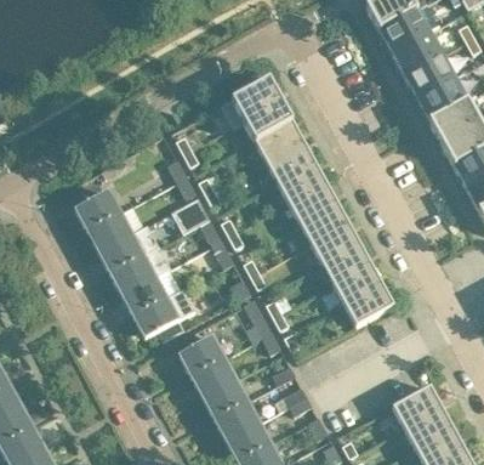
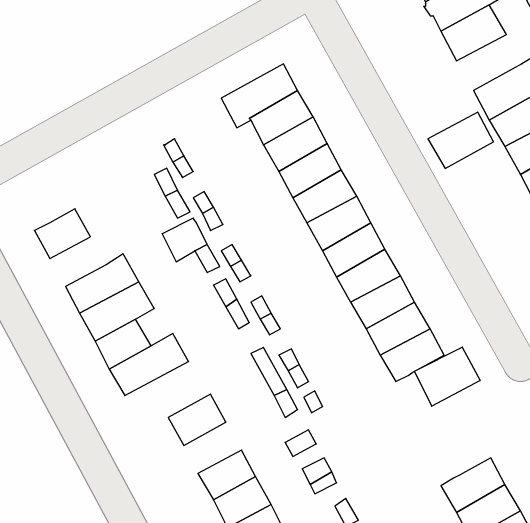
building: [404,56,455,100] -> [428,112,493,168]
building: [87,214,131,253] -> none
building: none -> [415,347,480,406]
building: [192,358,237,398] -> none

